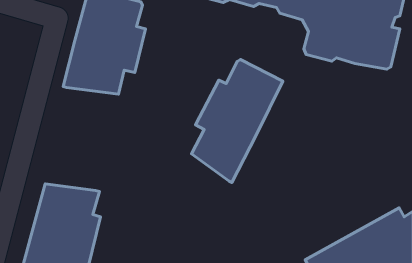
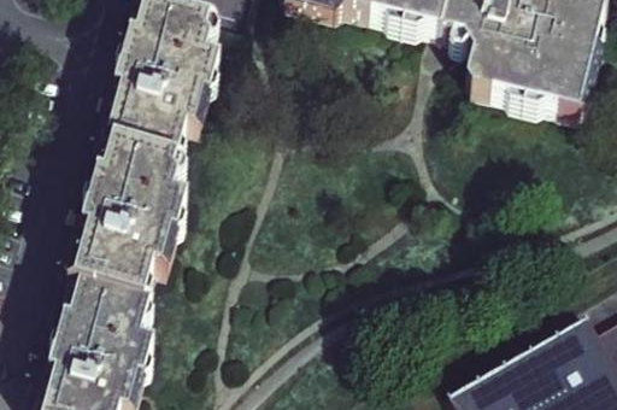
building: [191,60,283,183] -> none
building: none -> [70,139,192,289]

